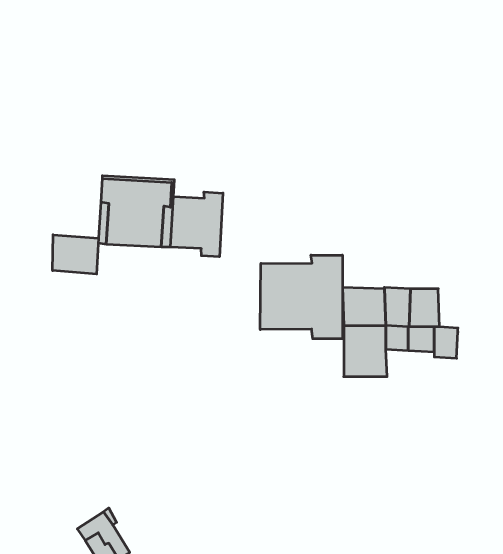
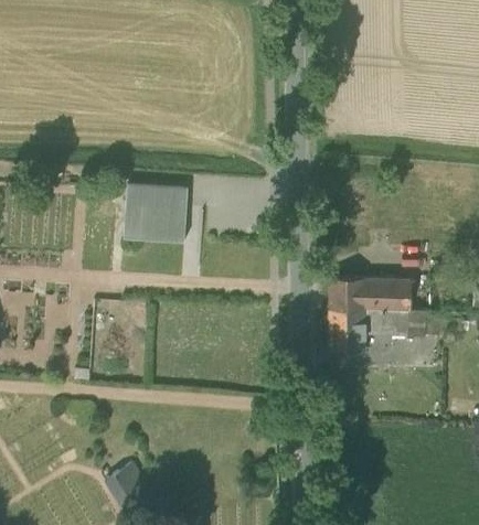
building: [170,192,223,257] -> none
building: [53,235,99,274] -> none
building: [260,255,342,339] -> none

